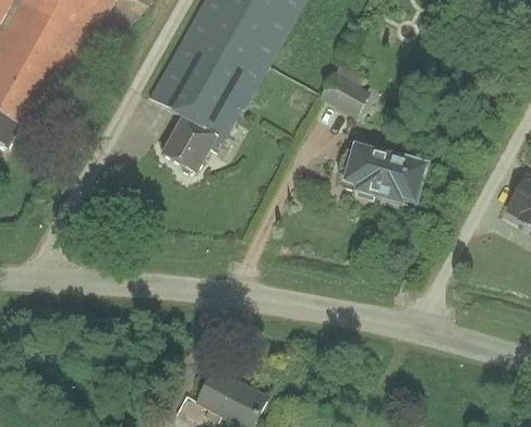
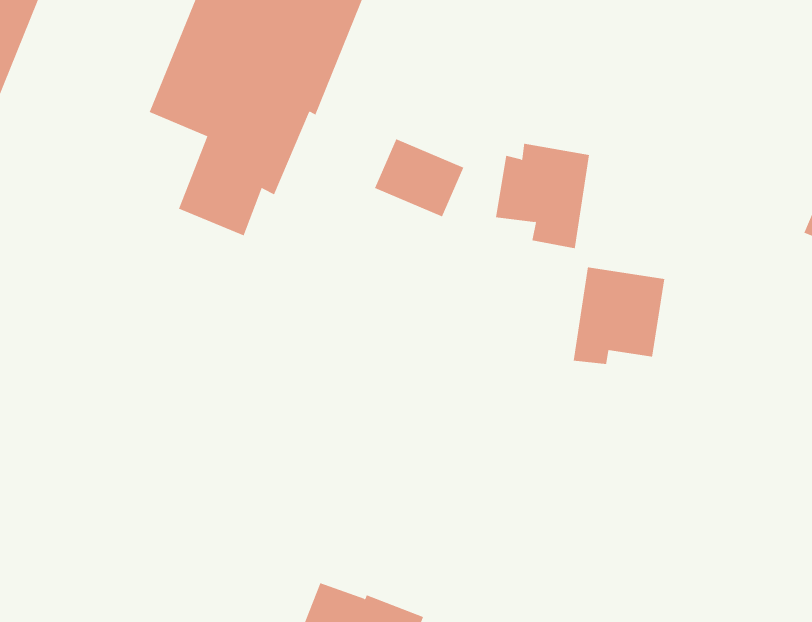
building: [317,70,369,117] -> [374,138,464,217]
building: [378,150,435,206] -> [573,267,665,365]

